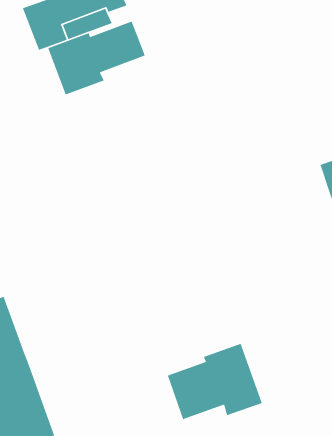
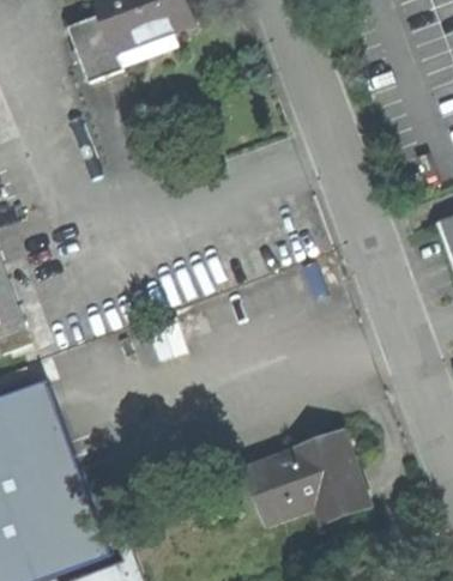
building: [47,21,146,96] -> none

